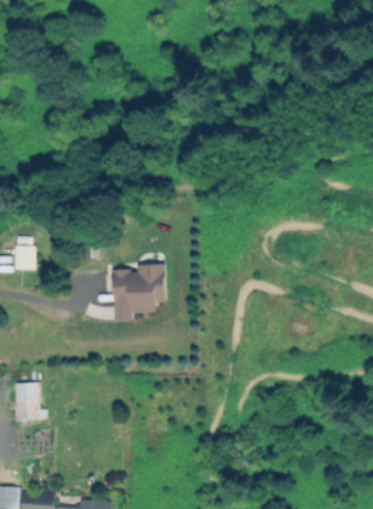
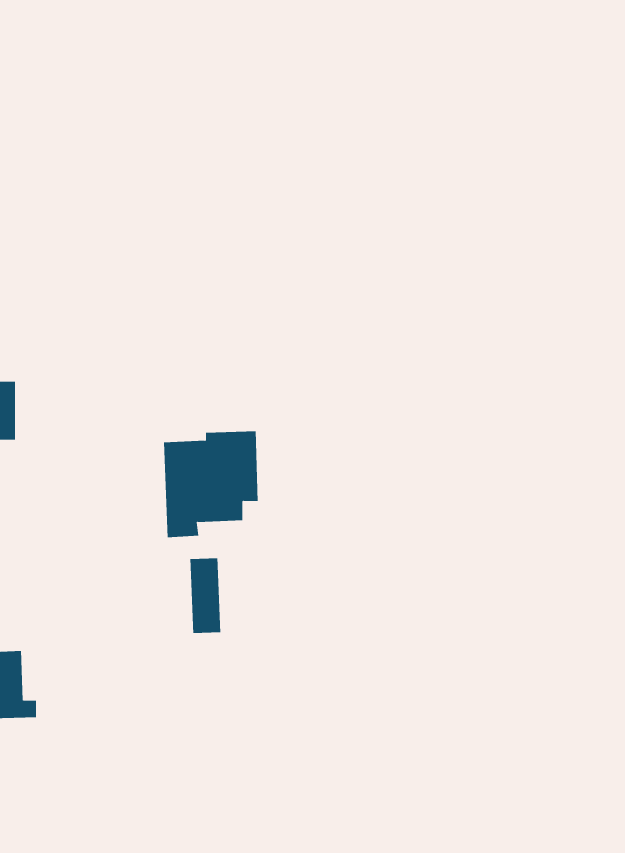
building: none -> [190,557,221,634]

